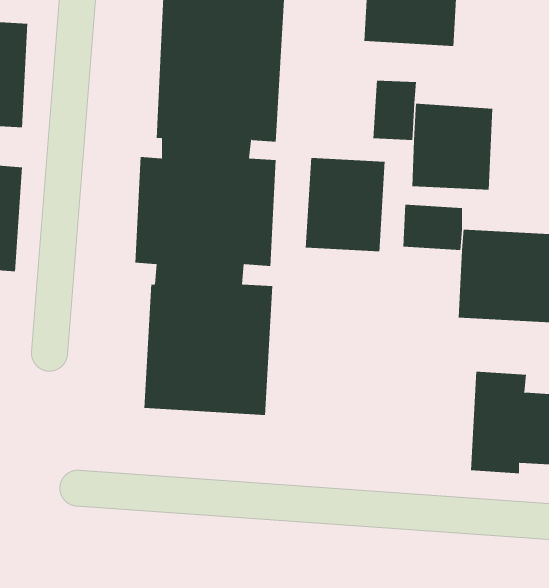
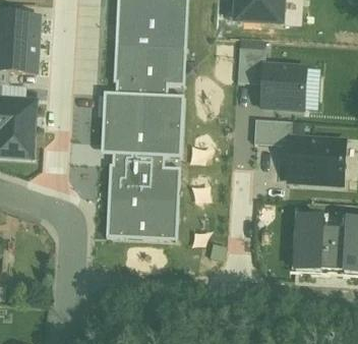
building: [305,157,385,252] -> none

